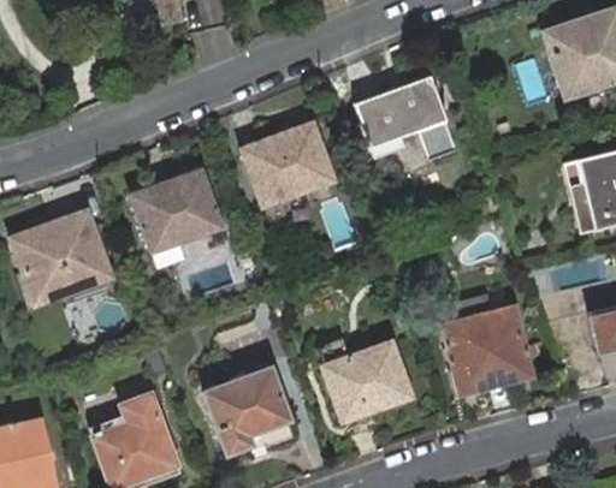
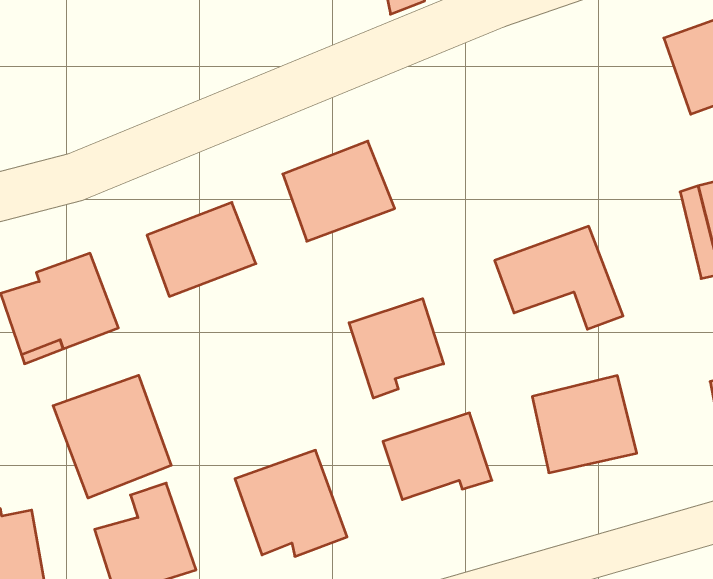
building: [354,76,457,159] -> [495,226,623,329]
building: none -> [349,299,444,398]
building: none -> [53,375,171,498]

